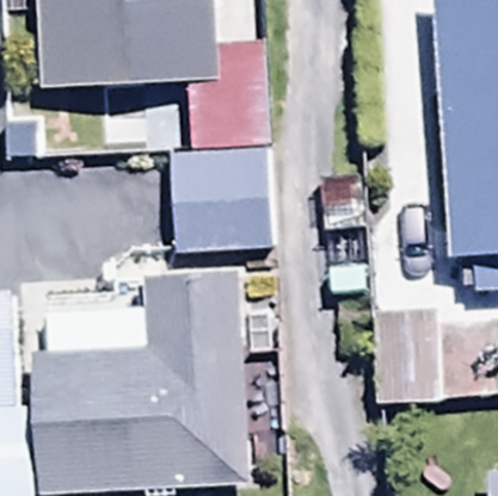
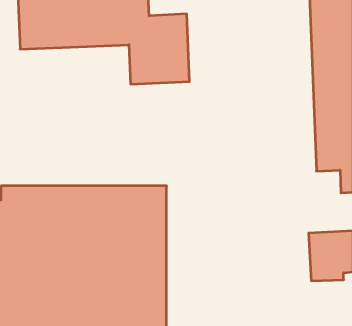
building: [171,151,256,253] -> none

